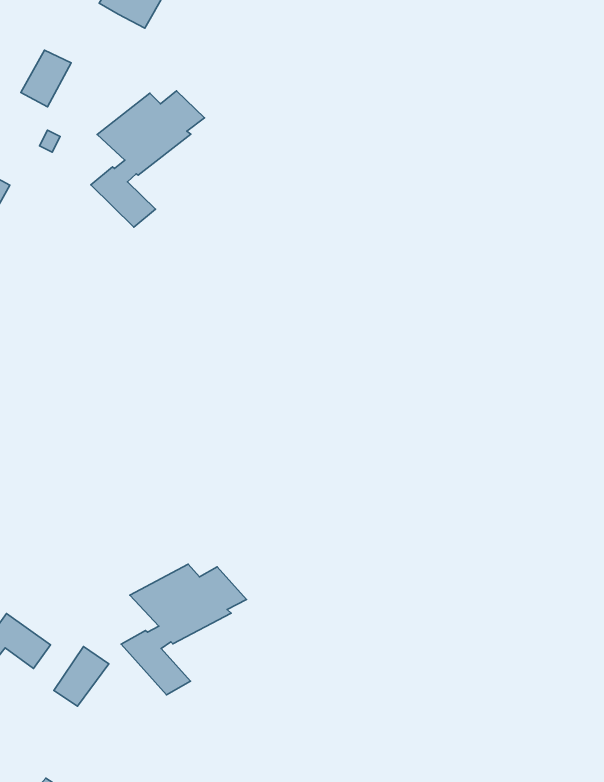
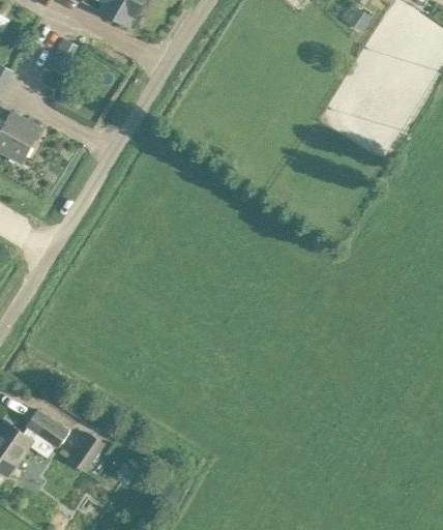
building: [91,91,204,227] -> none
building: [121,564,247,695] -> none

